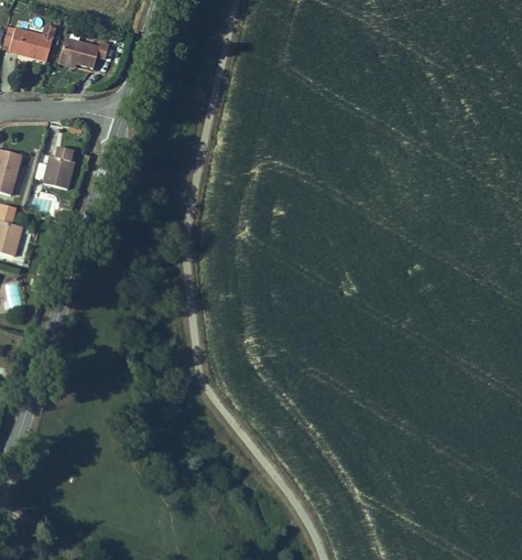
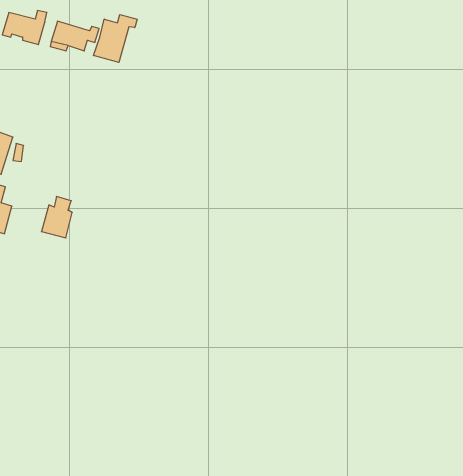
building: none -> [94,15,137,62]
building: [42,148,74,191] -> [41,196,72,238]

